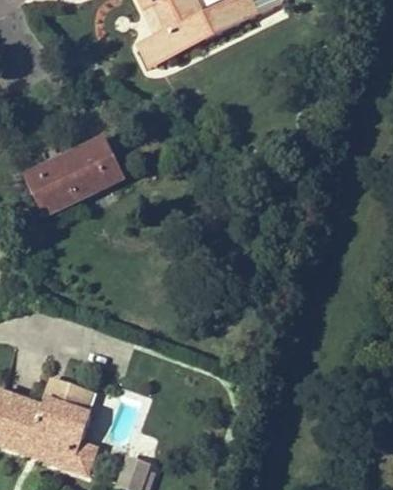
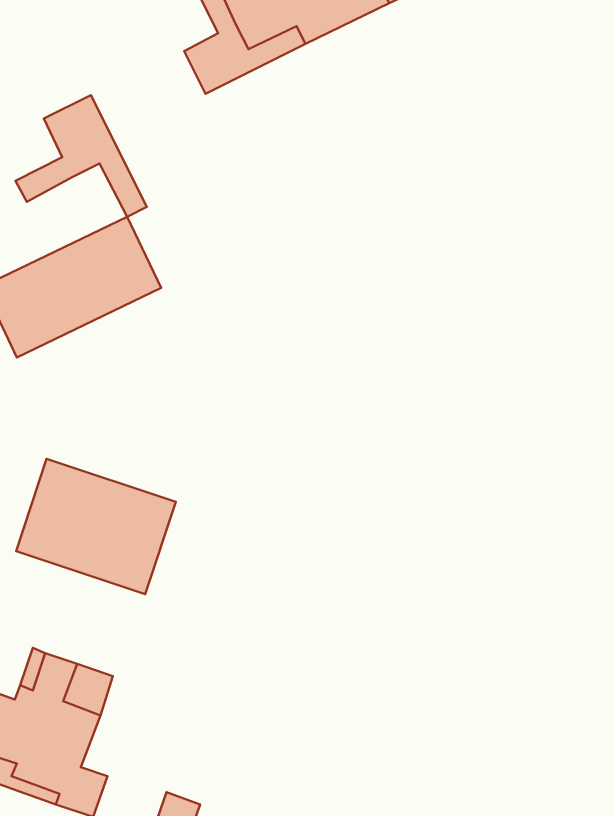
building: none -> [15,95,147,217]
building: none -> [16,459,176,594]

